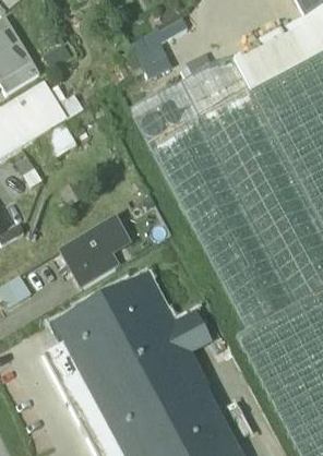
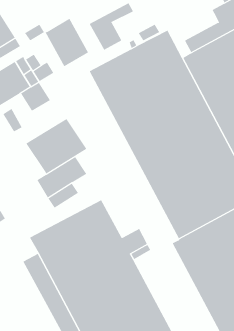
building: [238,26,300,85] -> none
building: none -> [45,18,89,67]
building: none -> [26,118,87,174]

